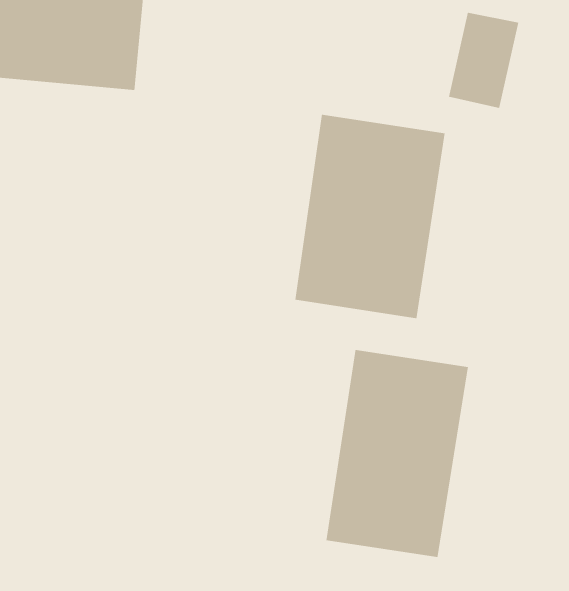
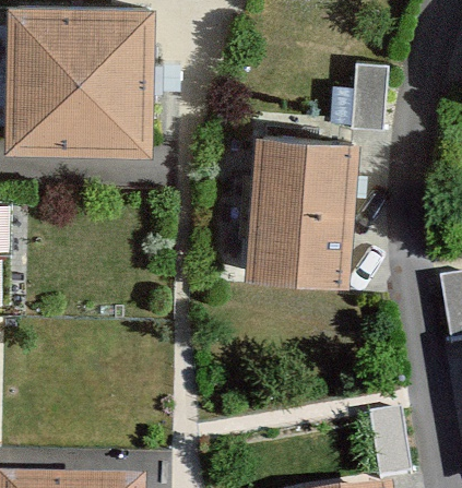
building: [326,349,468,558] -> none

